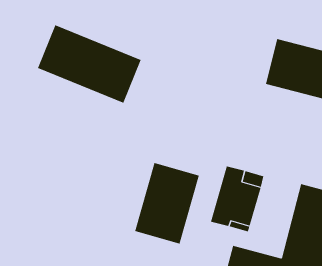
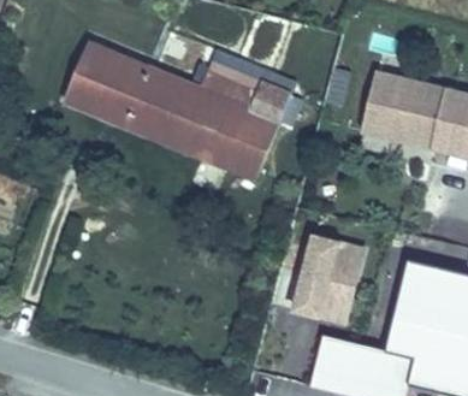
building: none -> [179,65,295,185]
building: [134,162,200,245] -> none

